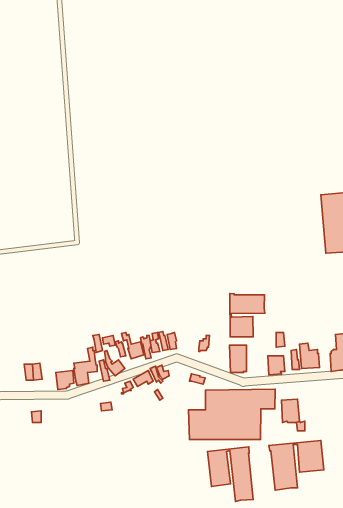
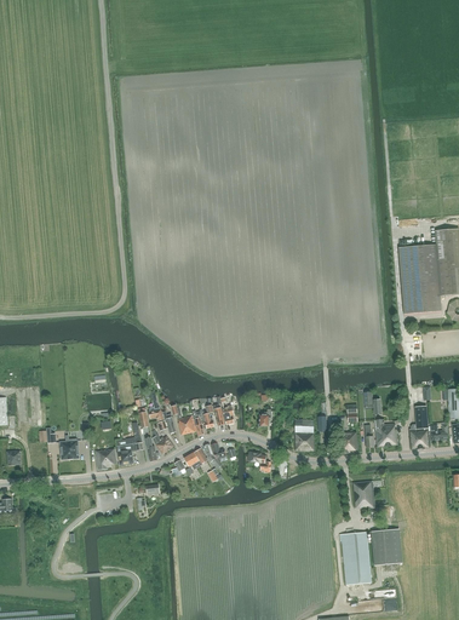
building: [230,293,265,337] -> none
building: [189,389,275,439] -> none
building: [208,447,253,502] -> none

